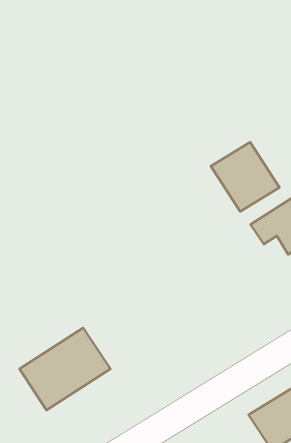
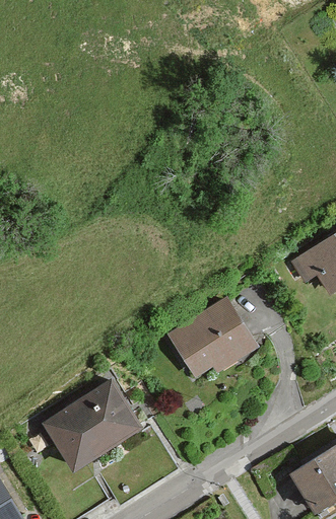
building: [211,142,280,212] -> none
building: none -> [167,299,258,375]

